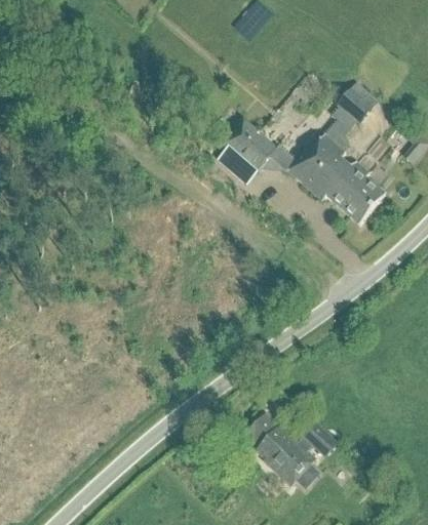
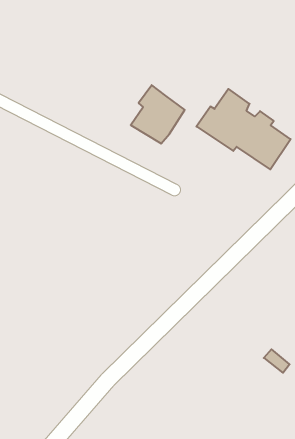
building: [337,85,375,127] -> none
building: [249,412,339,486] -> none

